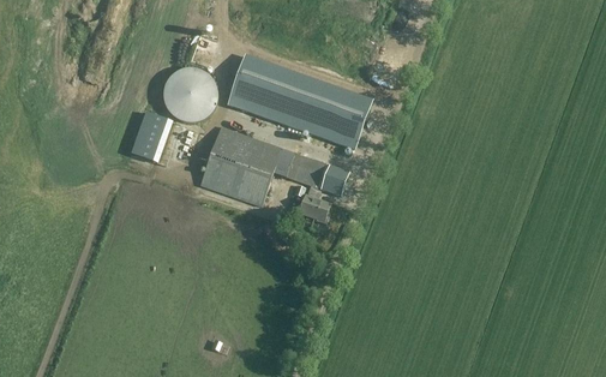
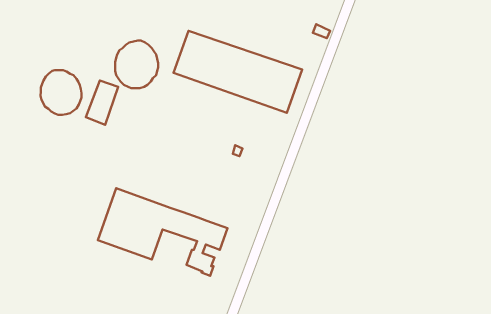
building: none -> [41,70,82,115]
building: [200,126,344,223] -> [98,188,227,276]

